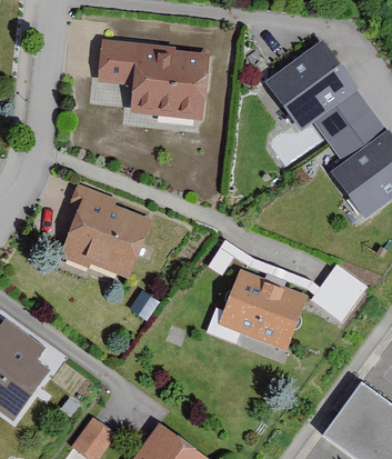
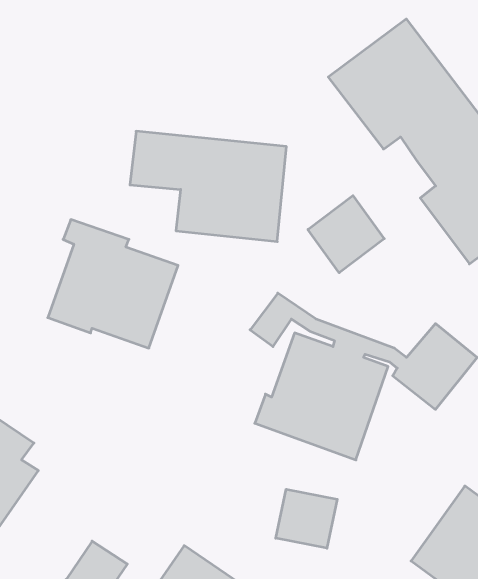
building: [97,41,210,121] -> [130,131,286,242]
building: none -> [308,196,384,273]
building: none -> [276,489,337,548]

